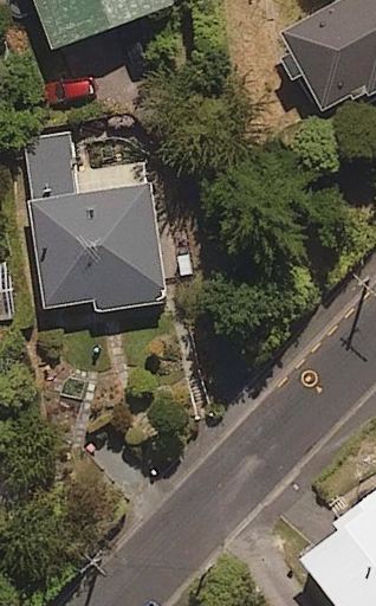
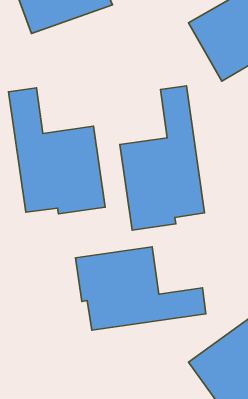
building: none -> [120,86,205,230]
building: none -> [75,247,206,330]

